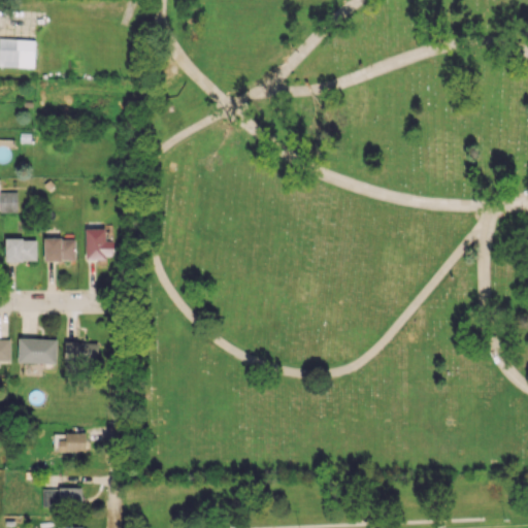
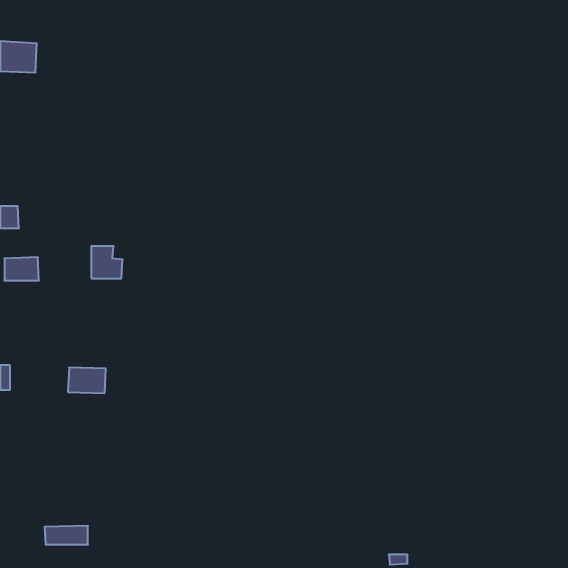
building: [44,238,75,261] -> none
building: [18,338,57,364] -> none
building: [58,433,86,453] -> none

